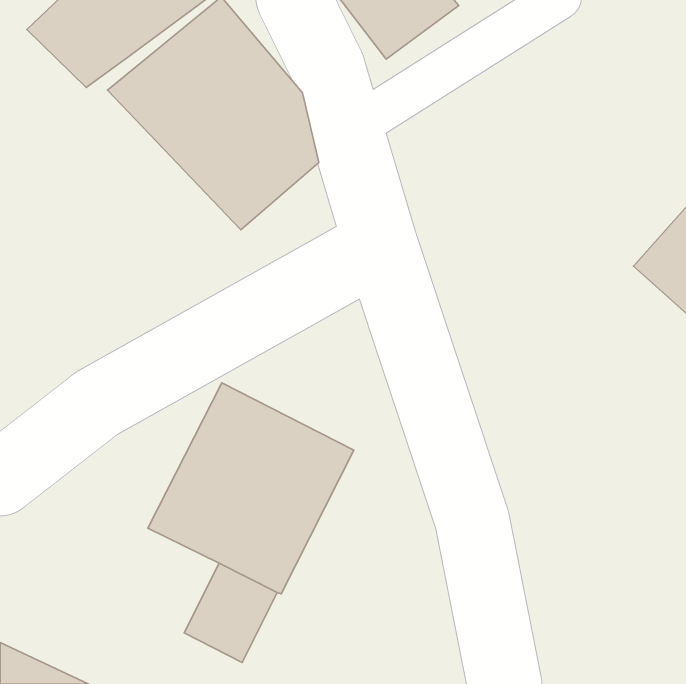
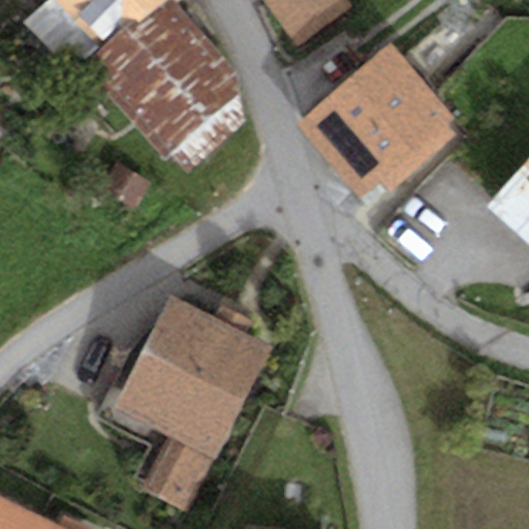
building: none -> [293,43,455,196]

